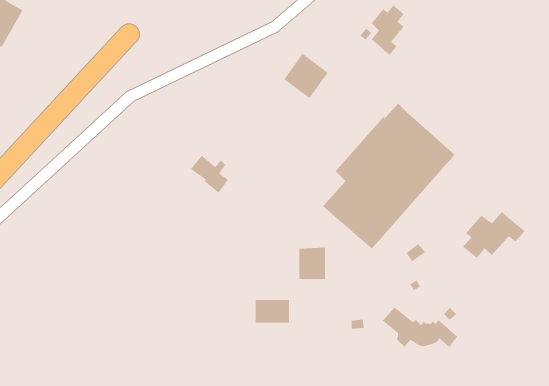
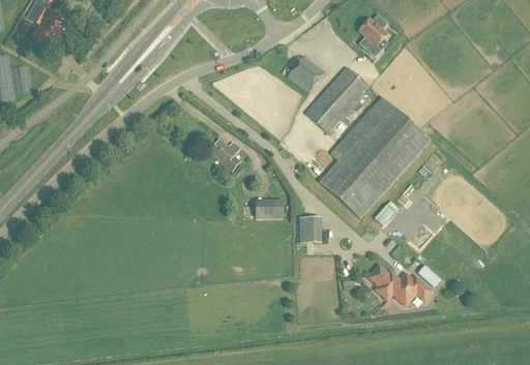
building: none -> [305,66,370,133]
building: [462,211,525,258] -> none
building: [255,300,290,323] -> [255,199,284,218]

